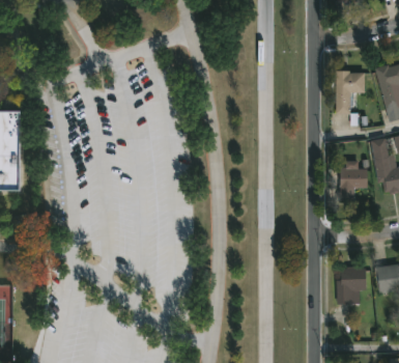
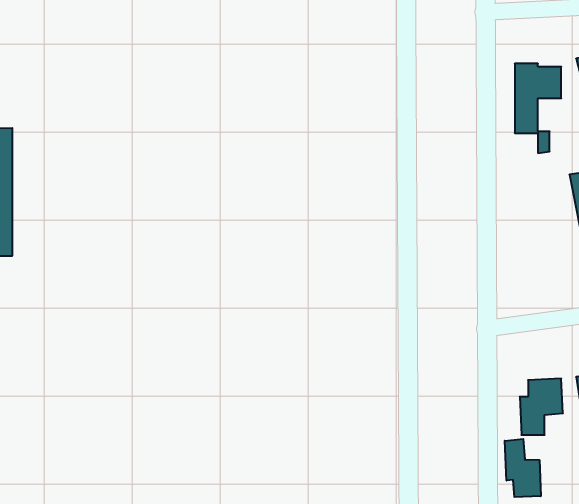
building: [338,160,366,200] -> none
building: none -> [505,439,541,497]

